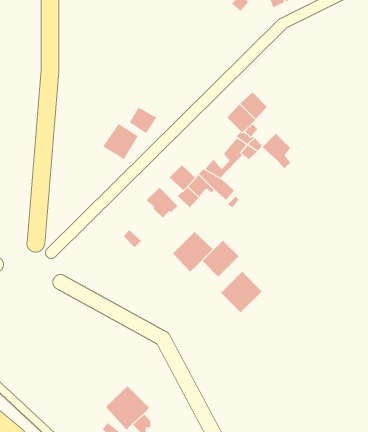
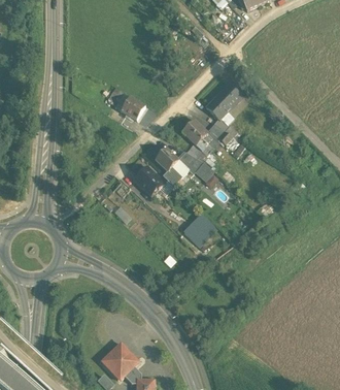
building: [103,123,139,160] -> none
building: [262,133,291,169] -> [181,118,207,150]
building: [172,231,214,273] -> none
building: [220,271,263,313] -> none

